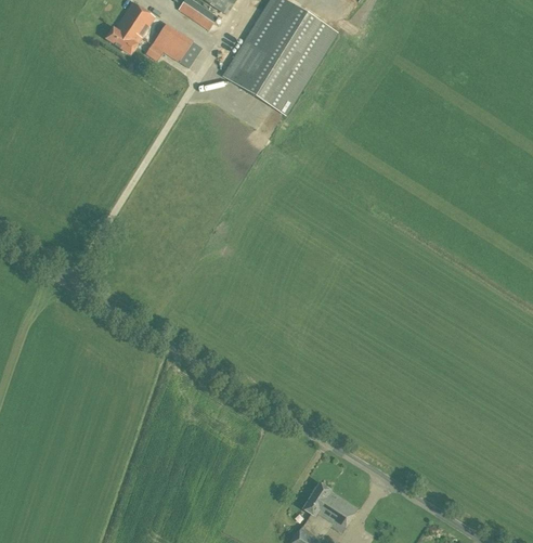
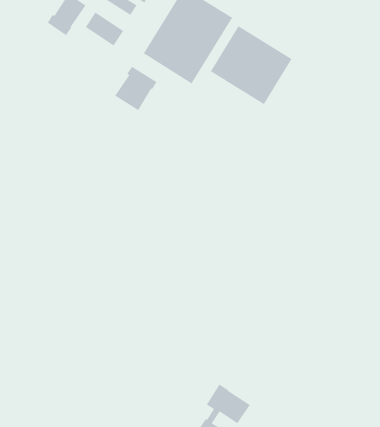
building: none -> [210,25,292,105]
building: none -> [114,66,157,111]

